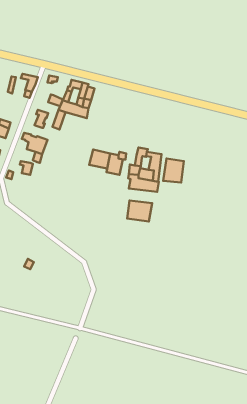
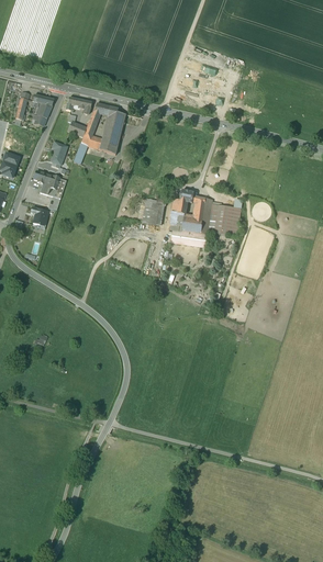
building: [89,149,110,168] -> none
building: [127,200,152,222] -> none

